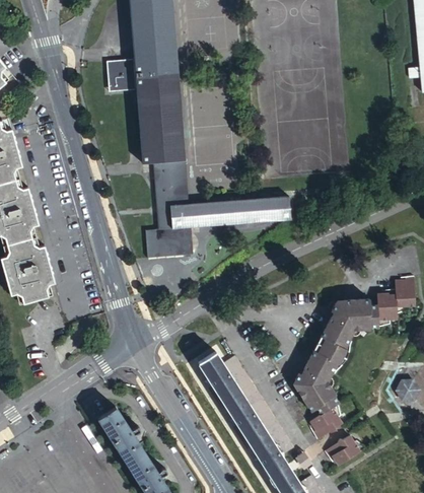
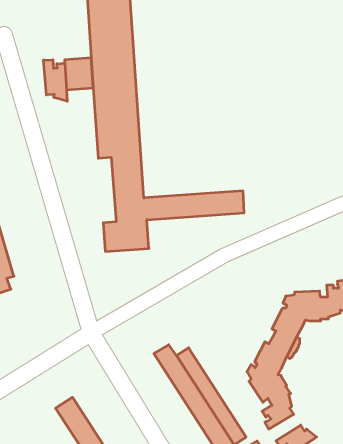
building: none -> [44,60,67,101]

